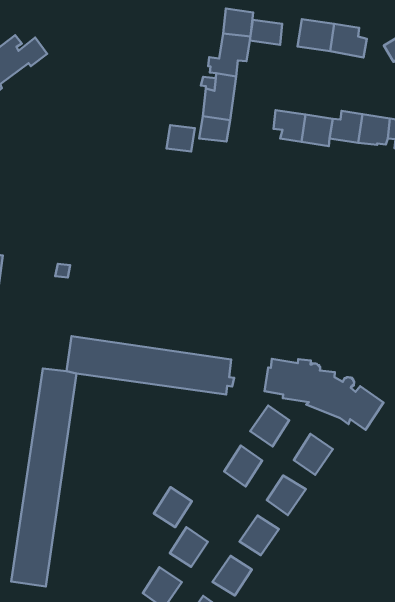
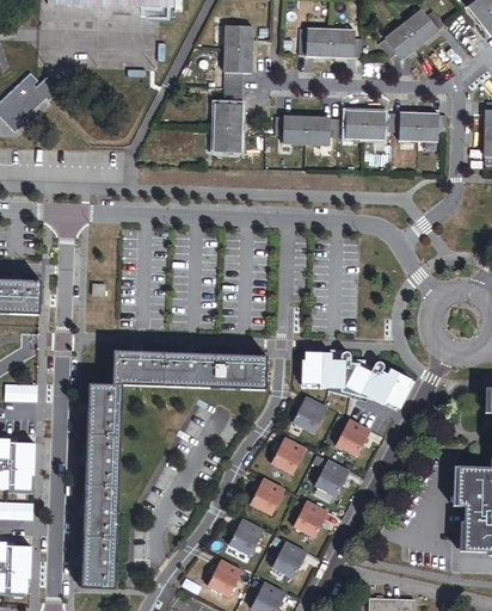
building: [250,20,282,45] -> none
building: [166,125,195,151] -> none
building: [154,487,192,527] -> [250,477,284,514]

